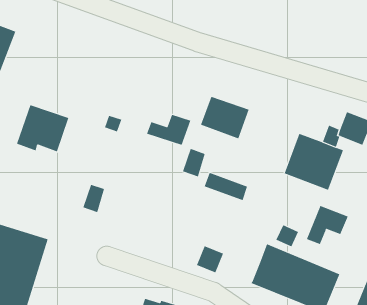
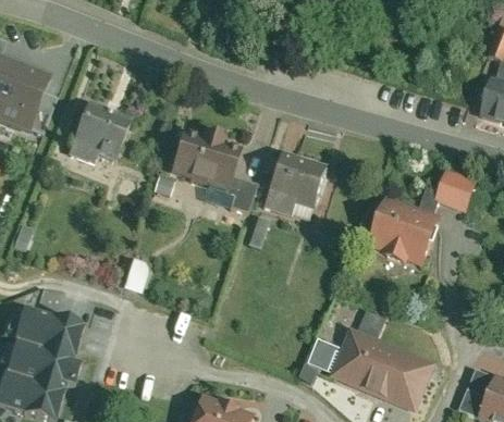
building: none -> [171,127,243,188]
building: [16,104,69,152] -> [70,102,134,160]
building: [204,172,248,201] -> [262,186,316,221]
building: [306,205,348,245] -> none
building: [196,245,224,273] -> [308,340,342,374]

